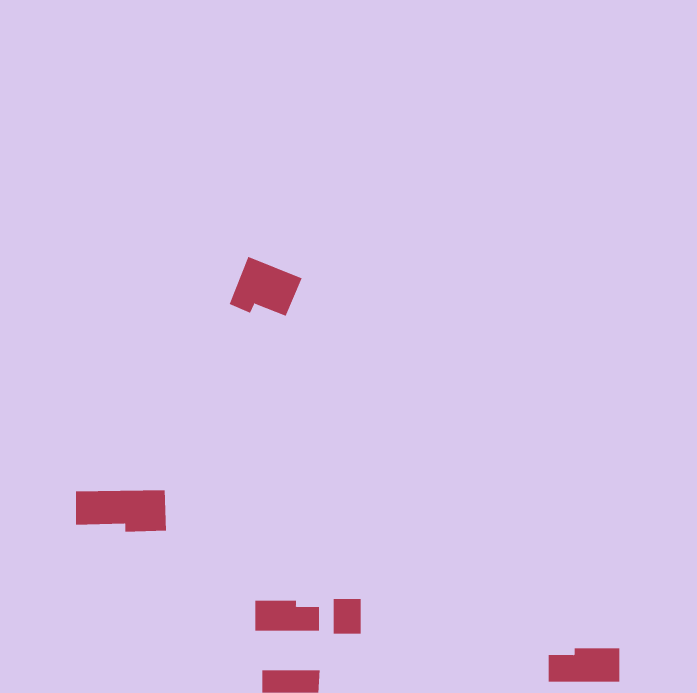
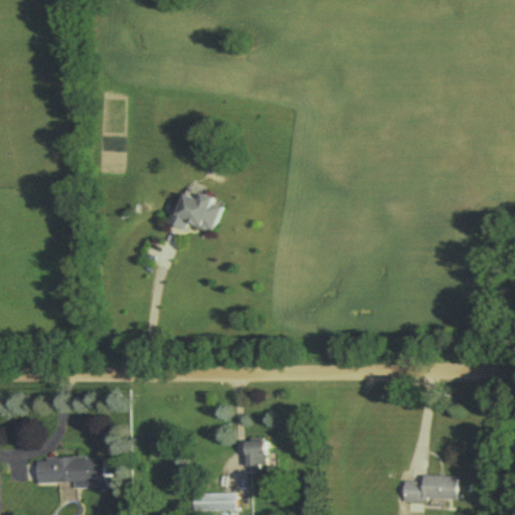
building: [75,490,167,532] -> [35,457,103,488]
building: [255,600,319,631] -> none

